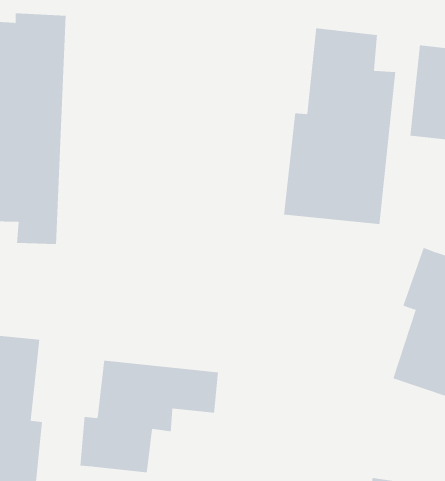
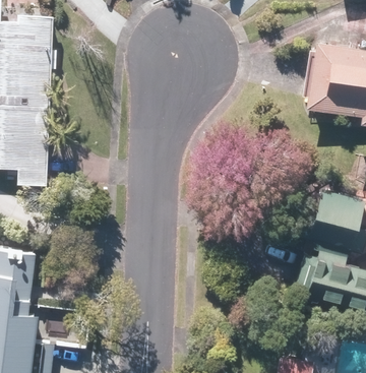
building: [284,27,396,225] -> none
building: [80,360,219,473] -> none

